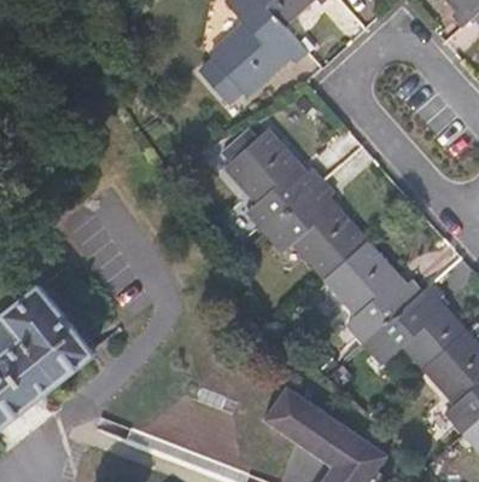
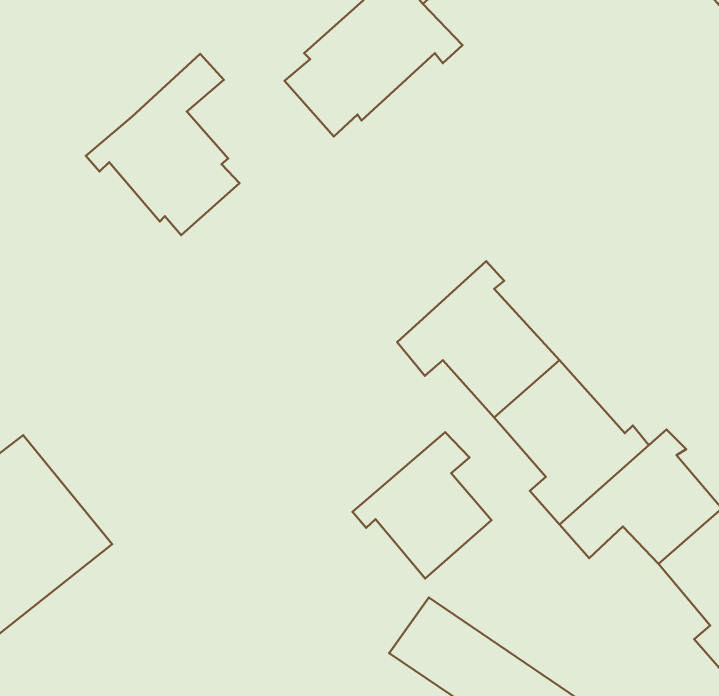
building: none -> [86,54,240,235]
building: [227,130,321,231] -> none
building: none -> [352,432,491,579]

